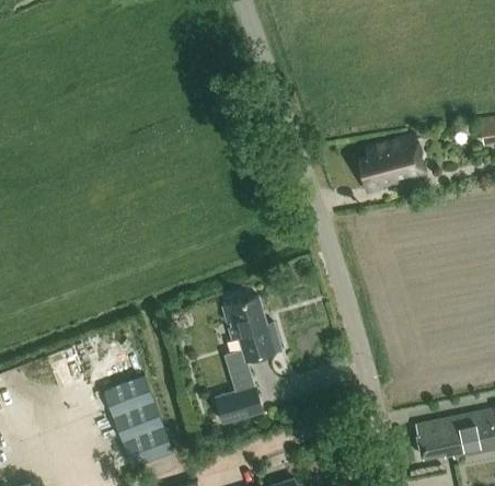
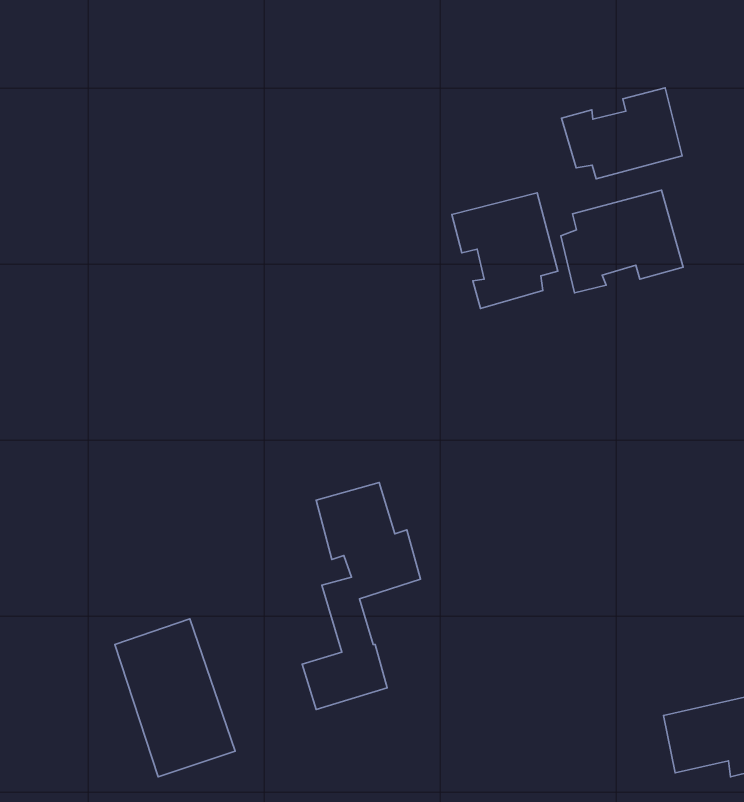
building: none -> [561,88,682,179]
building: none -> [452,193,558,308]

